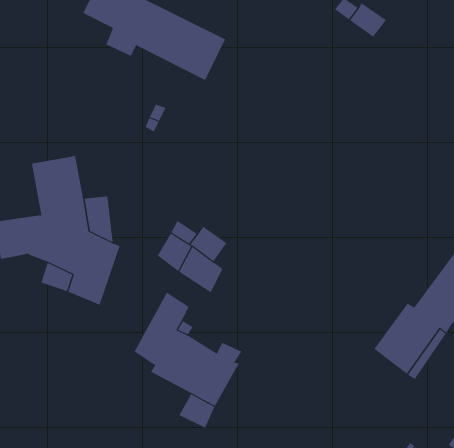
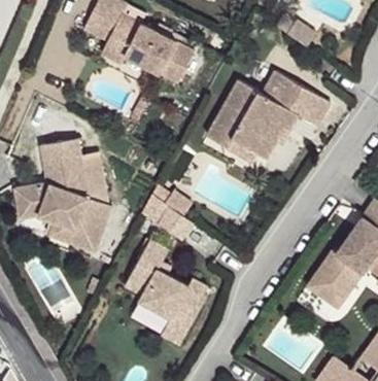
building: none -> [207,72,331,158]

